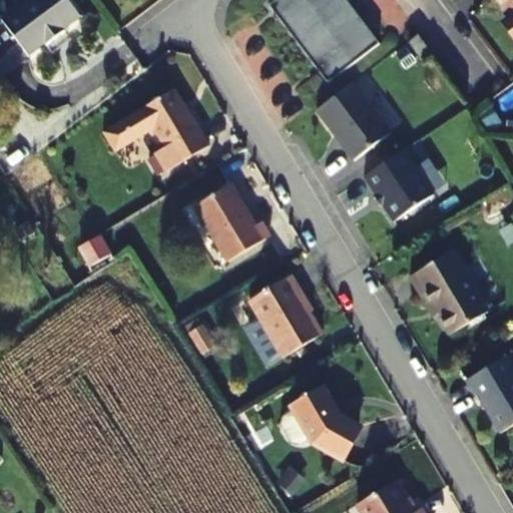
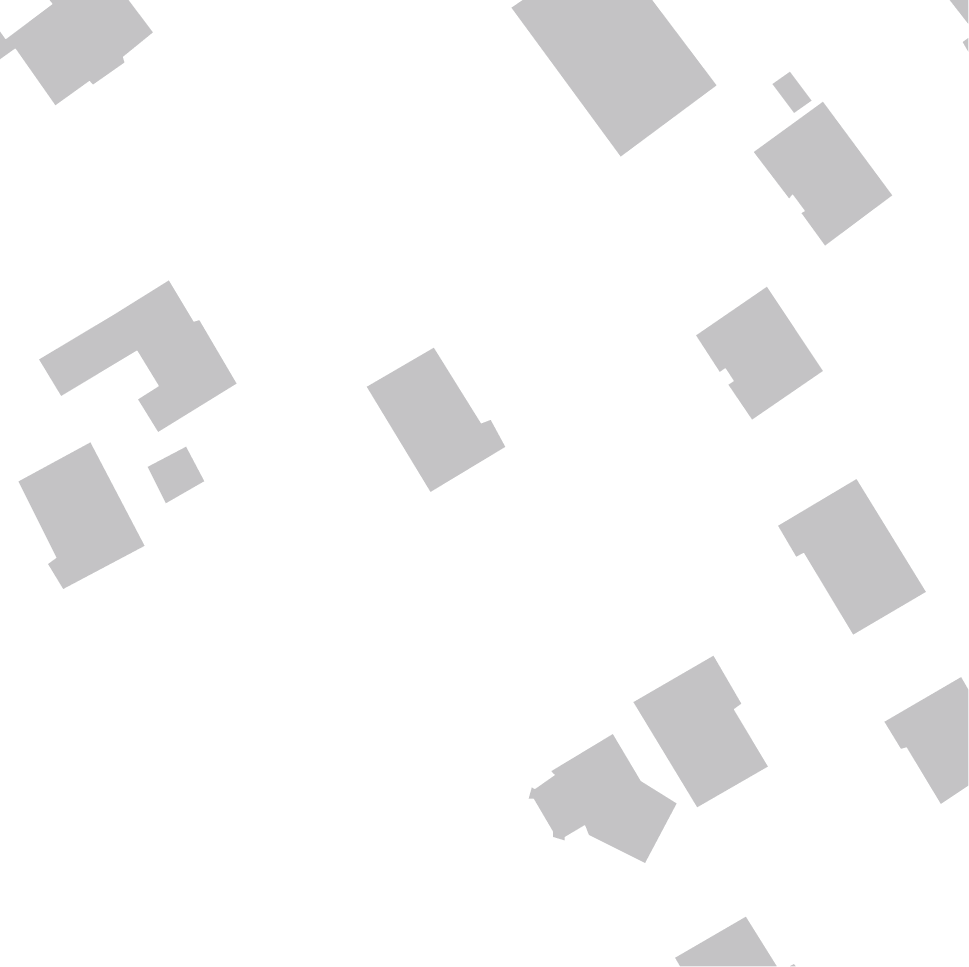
building: [318,82,392,159] -> [753,100,893,247]
building: [103,89,208,170] -> [38,279,238,433]
building: none -> [17,441,146,590]
building: [249,274,322,355] -> [632,654,769,809]

